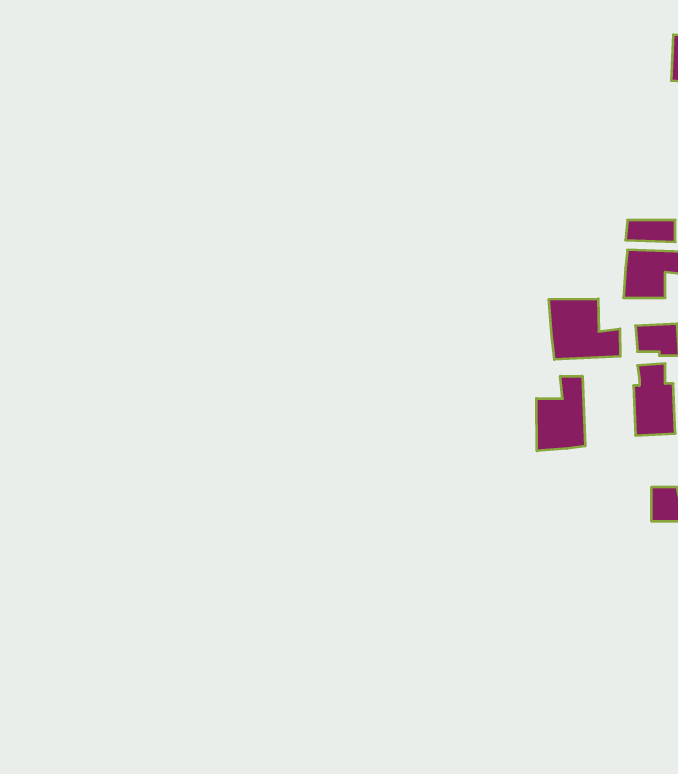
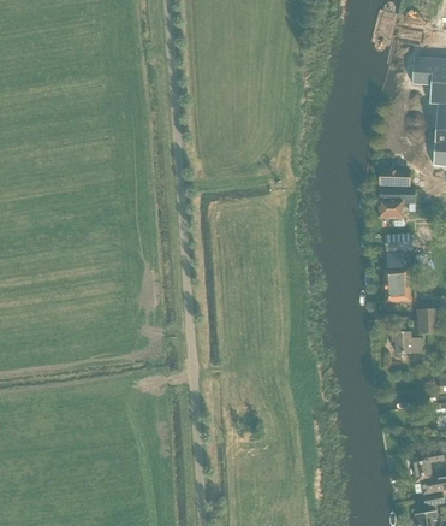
building: [549,299,620,360] -> none
building: [536,376,585,451] -> none

